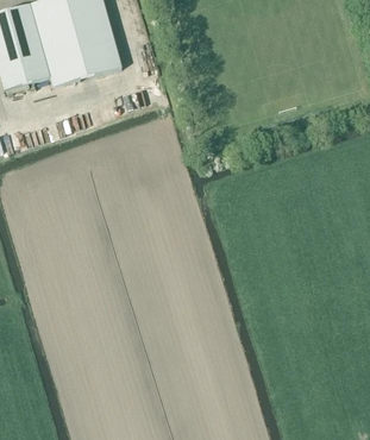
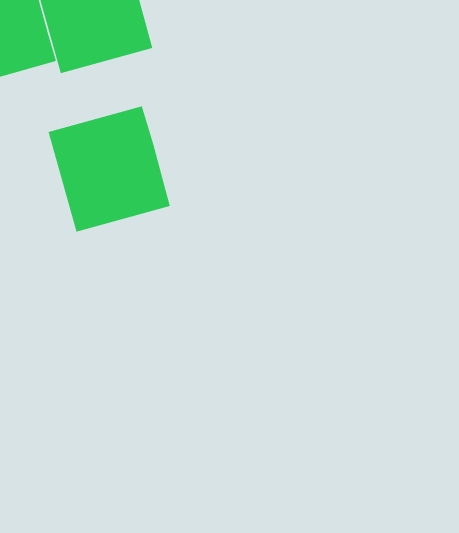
building: none -> [48,105,171,233]

